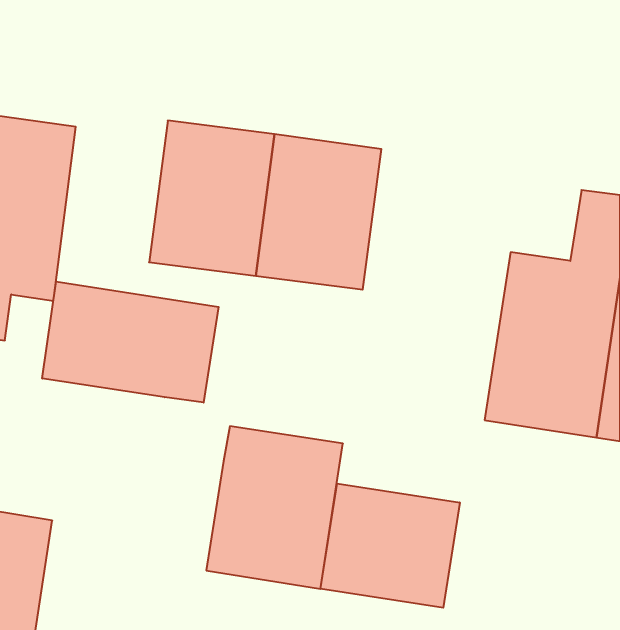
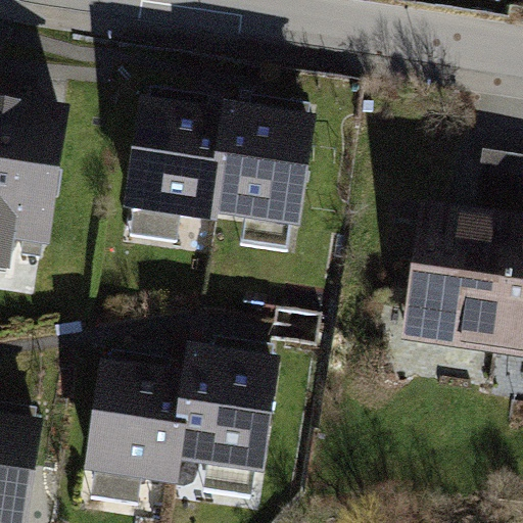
building: [42,282,219,403] -> none
building: none -> [82,370,184,498]
building: [321,484,460,608] -> none

